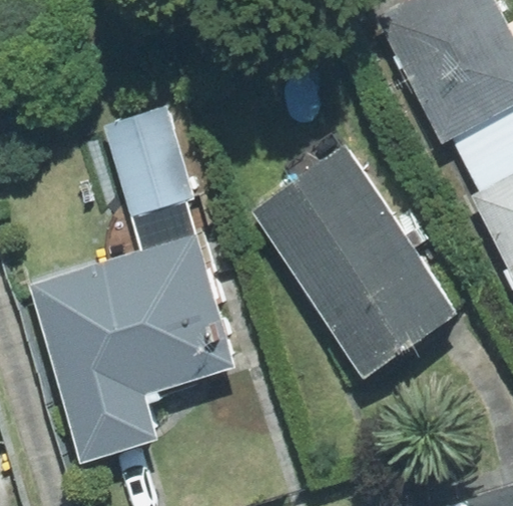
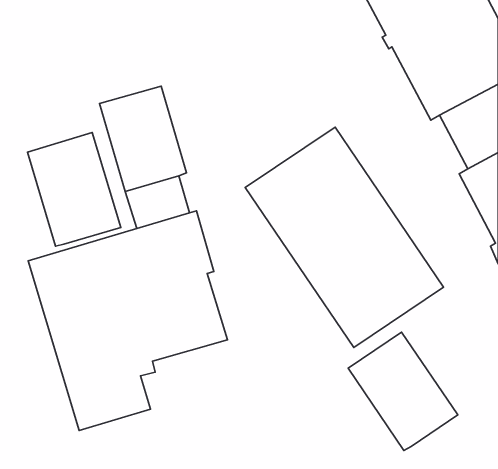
building: none -> [28,132,121,246]
building: none -> [348,332,458,451]

